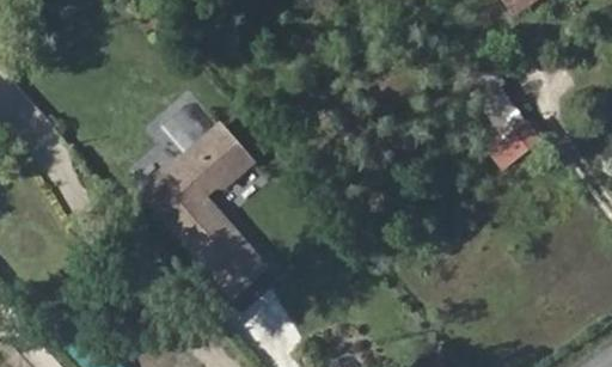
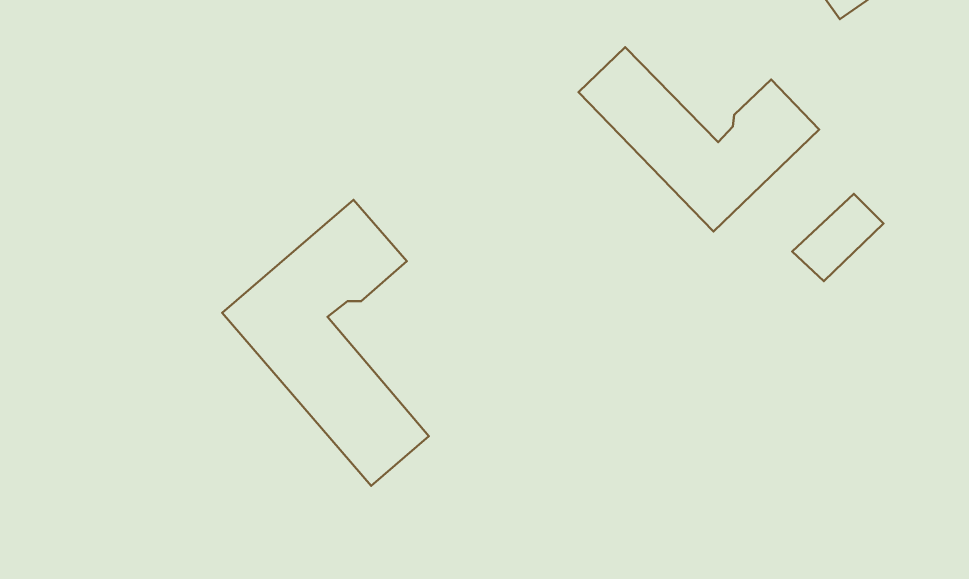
building: none -> [579,47,819,231]

